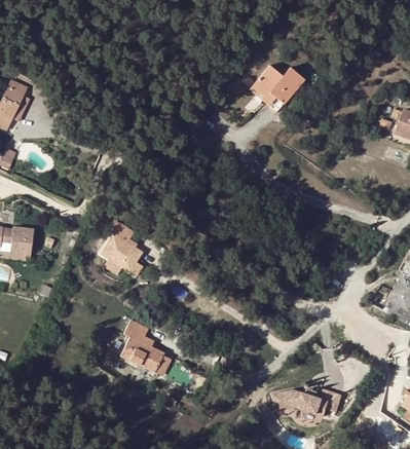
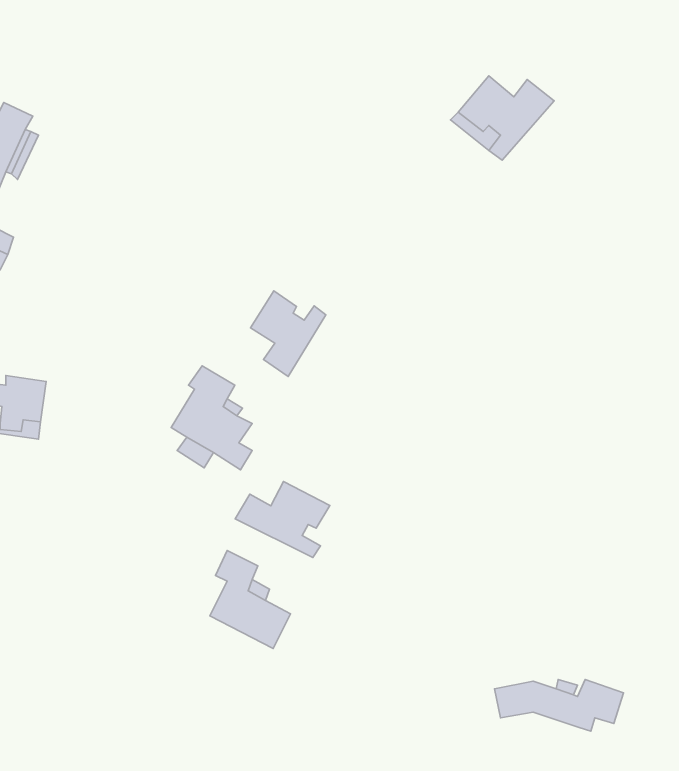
building: none -> [250,291,326,377]
building: none -> [235,482,330,557]

